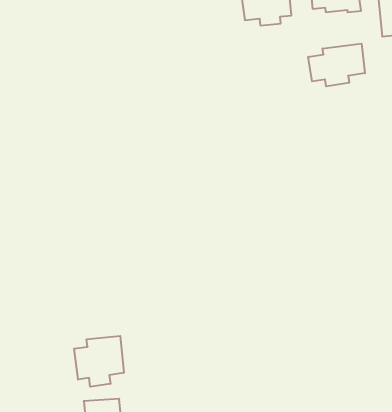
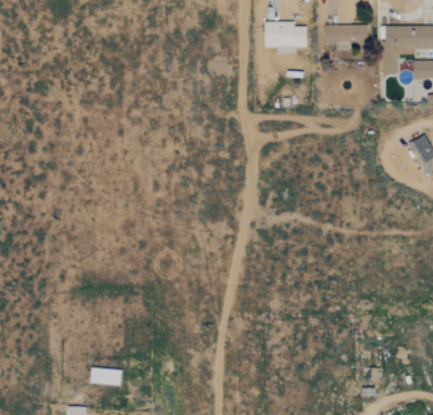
building: [308,44,365,86] -> none
building: [74,336,124,387] -> none

